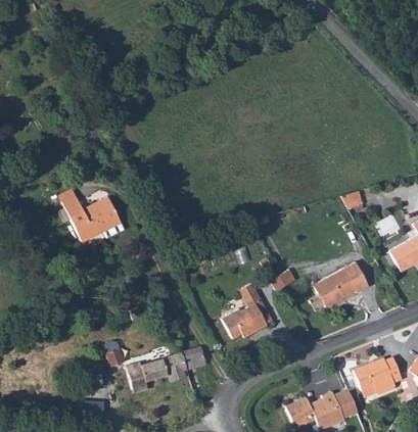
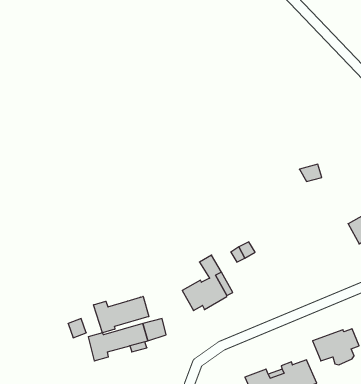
building: [62,195,121,242] -> none
building: [314,261,369,307] -> none
building: none -> [94,296,149,333]

